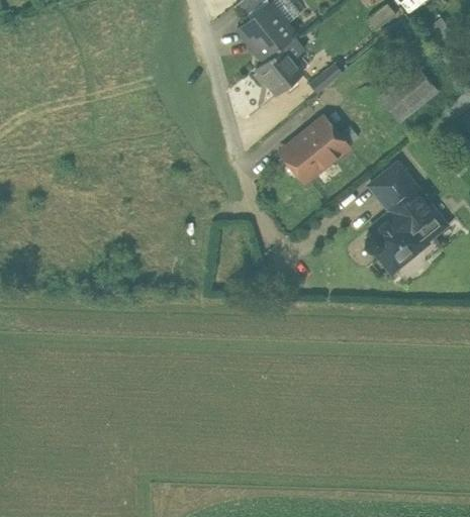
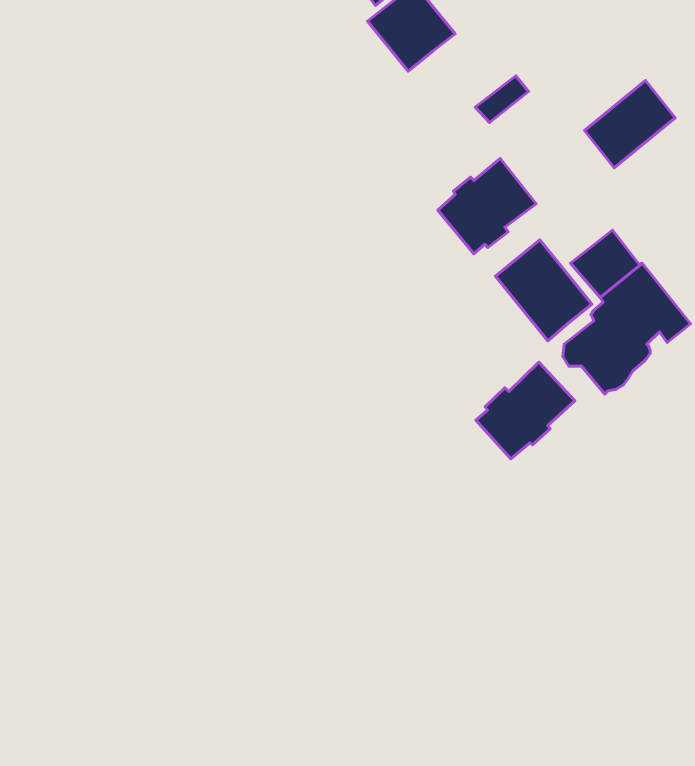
building: [255,48,302,96] -> none
building: none -> [496,240,592,341]
building: none -> [476,362,575,459]

